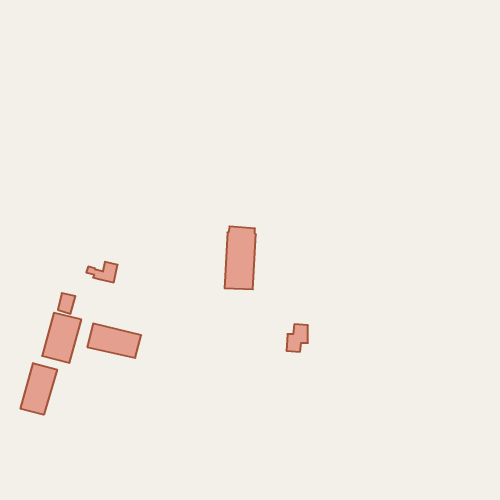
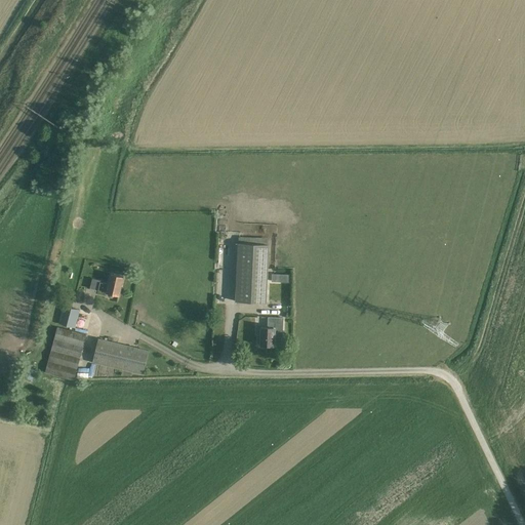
building: [286,324,308,352] -> [259,318,282,347]
building: [21,363,57,415] -> none

